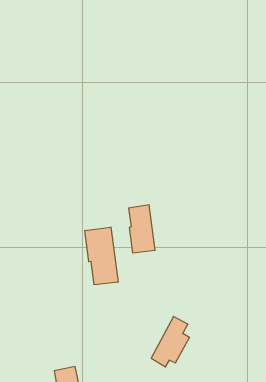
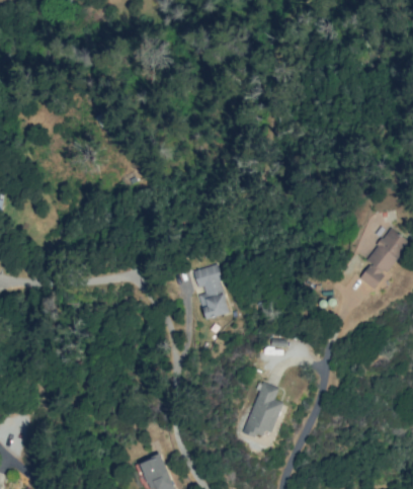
building: [85,227,118,285] -> none

